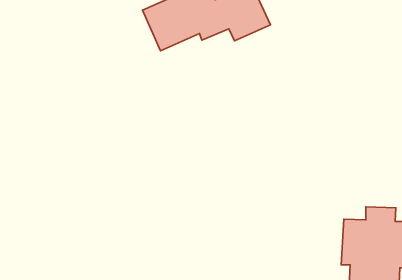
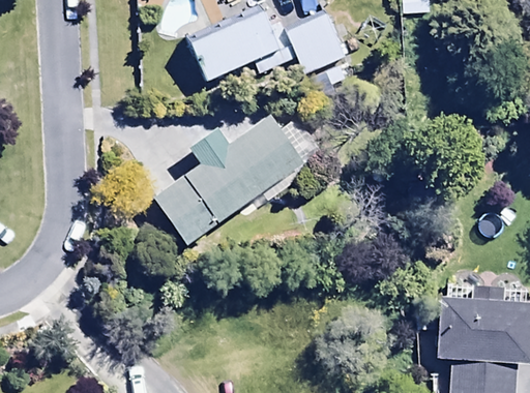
building: none -> [156,119,303,246]

